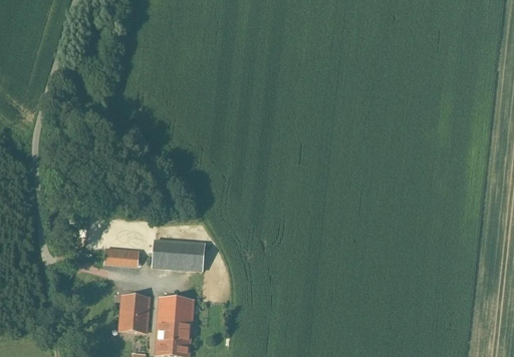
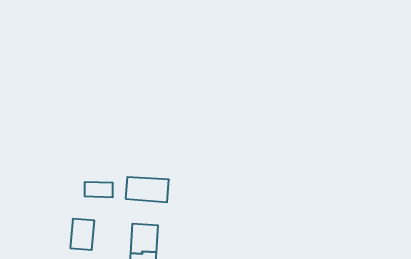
building: [119,295,149,332] -> [70,219,94,250]

